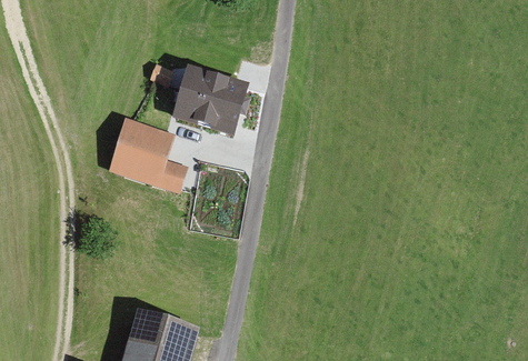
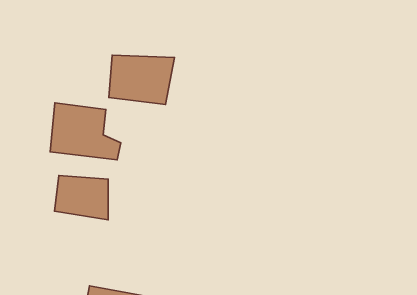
building: none -> [54,176,108,220]

